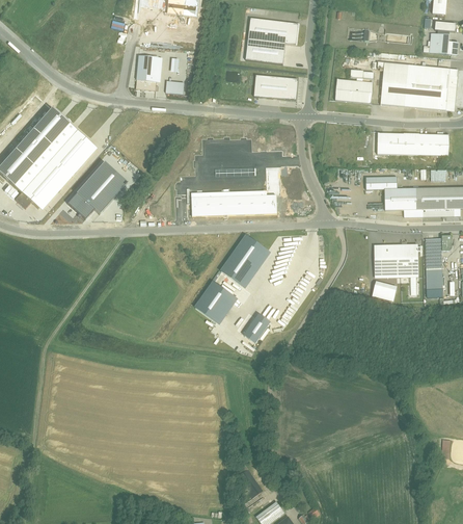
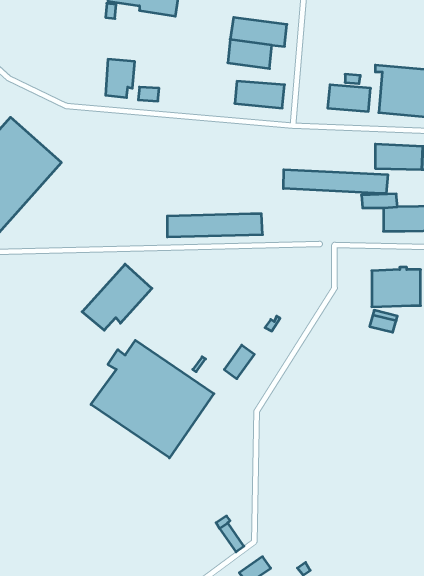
building: none -> [283,170,388,194]
building: [64,159,127,218] -> [82,264,152,330]
building: [219,233,270,286] -> none
building: [194,279,237,322] -> none
building: none -> [91,340,214,458]

